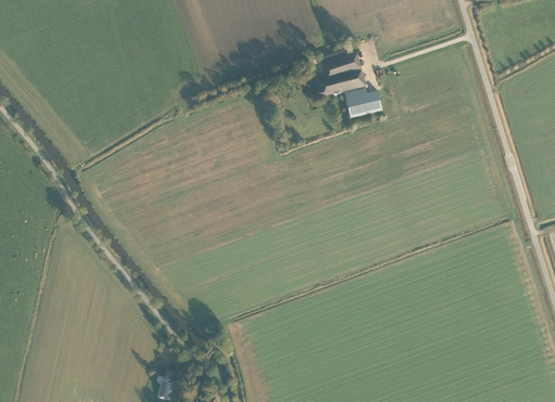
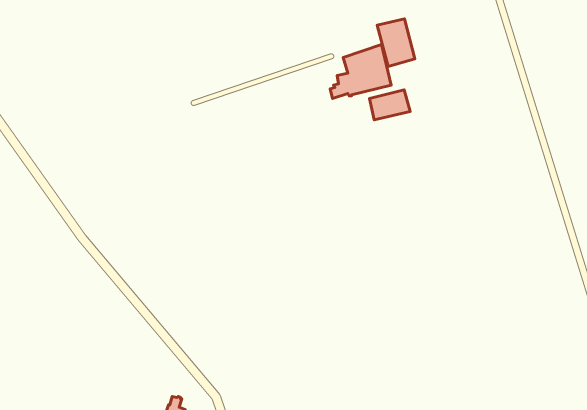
building: none -> [377,19,415,66]

